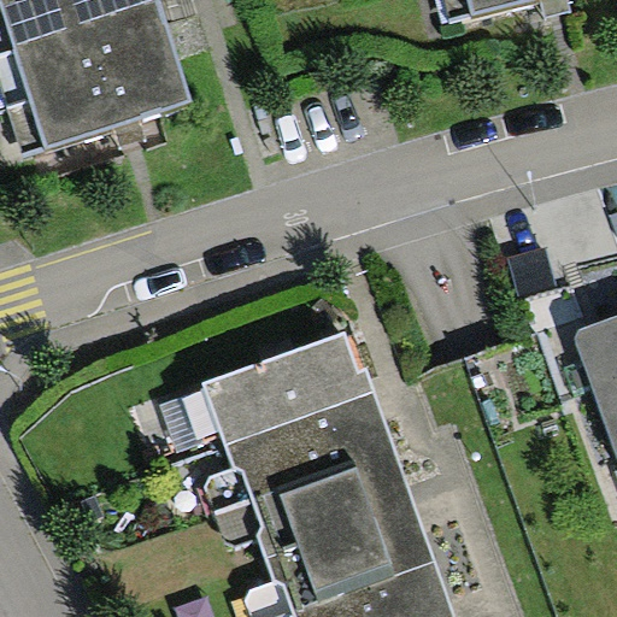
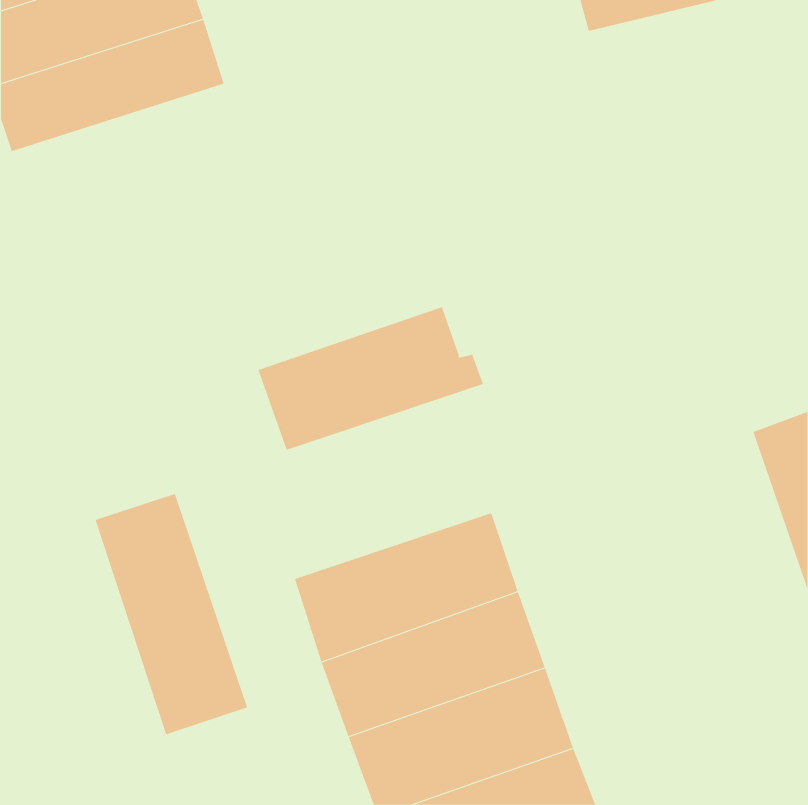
building: [8,64,187,166] -> none
building: [202,331,375,441] -> [258,307,484,450]
building: none -> [95,493,248,735]

